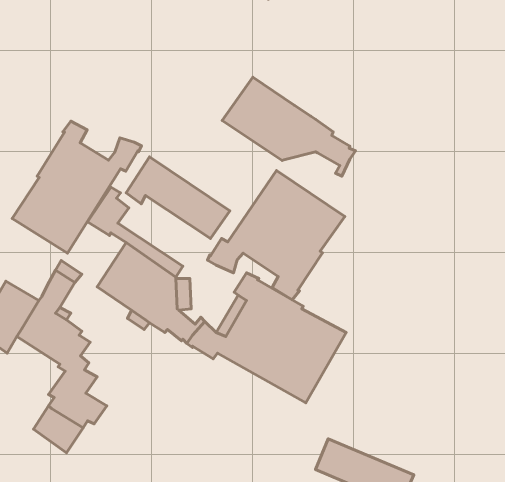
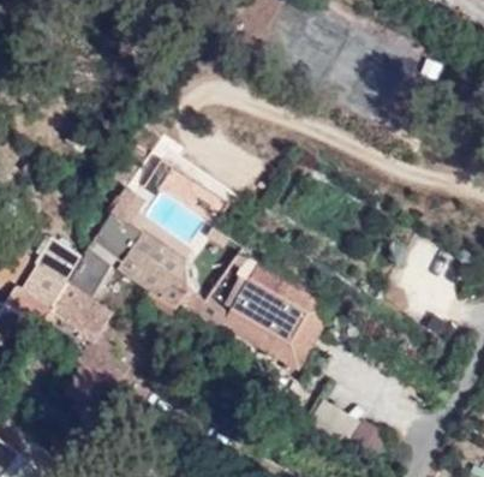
building: [222,77,355,176] -> none
building: [12,121,141,253] -> none
building: [207,170,345,300] -> none

